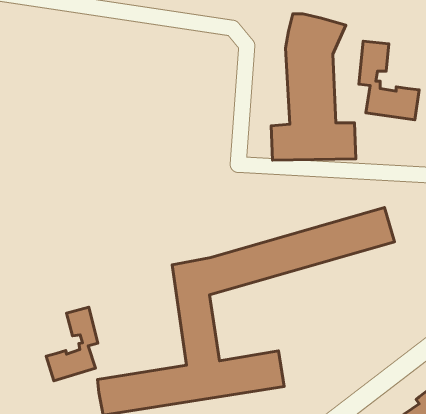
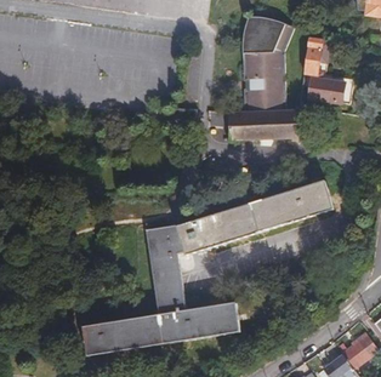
building: [46,307,98,381] -> none

